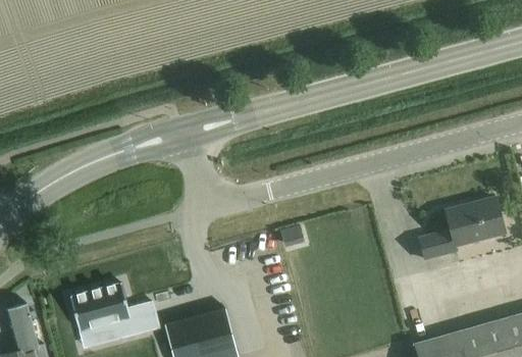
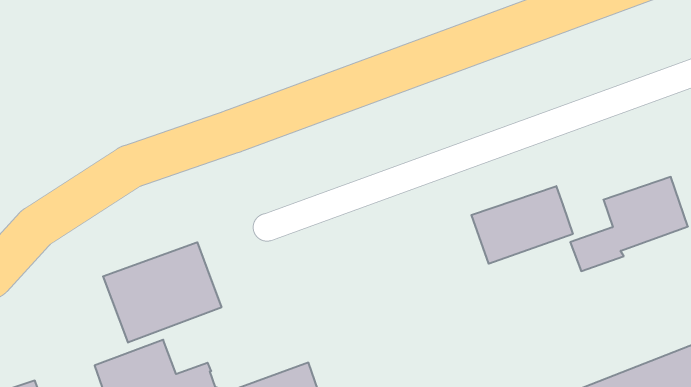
building: none -> [471,186,573,264]
building: none -> [103,242,221,343]

